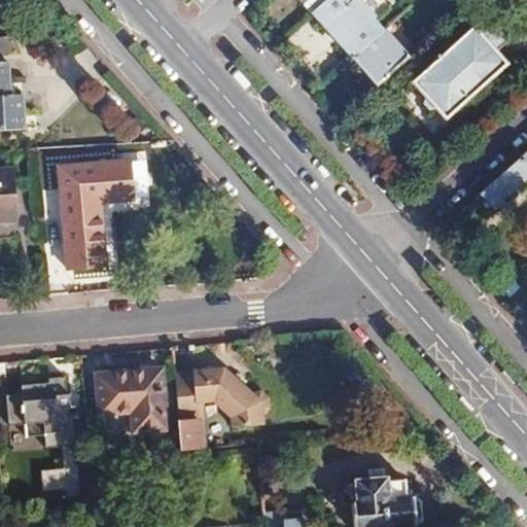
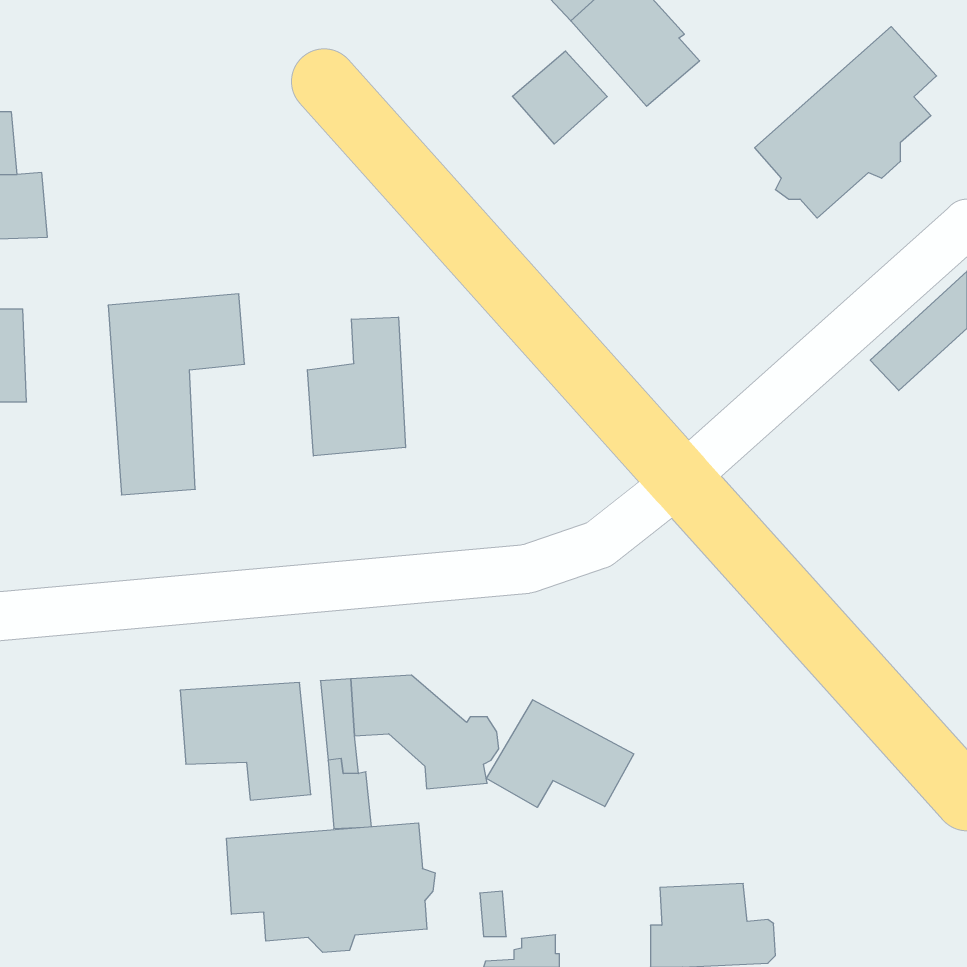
building: [351,33,402,83] -> [512,51,607,144]
building: none -> [307,317,405,456]
building: [4,378,80,497] -> none
building: none -> [486,700,634,807]
building: none -> [227,823,435,952]

